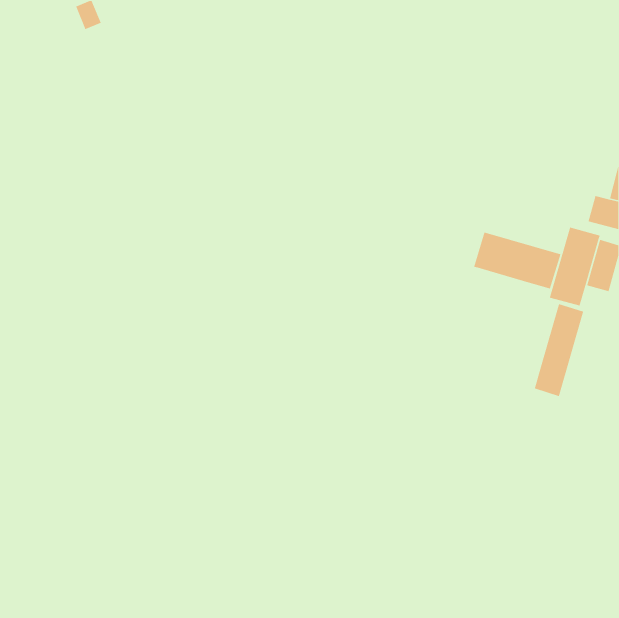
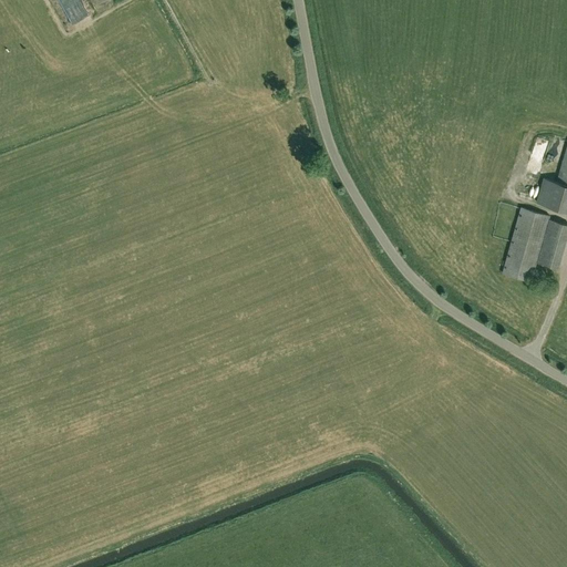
building: [473,232,561,290] -> none
building: [534,303,584,397] -> none

